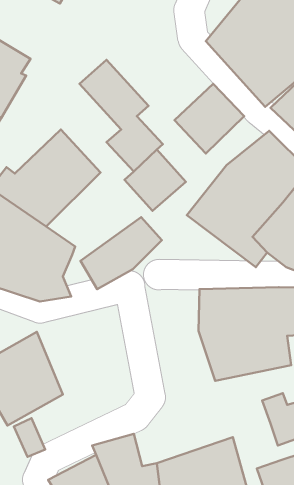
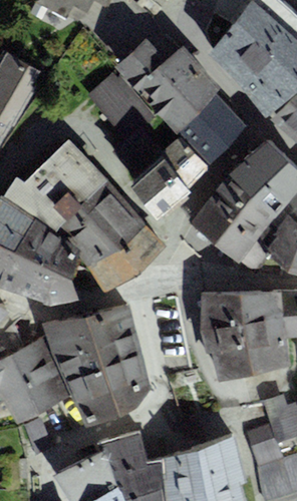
building: none -> [114,38,222,133]
building: none -> [162,141,211,190]
building: none -> [55,181,146,267]
building: none -> [42,305,151,430]
building: none -> [246,423,282,466]

